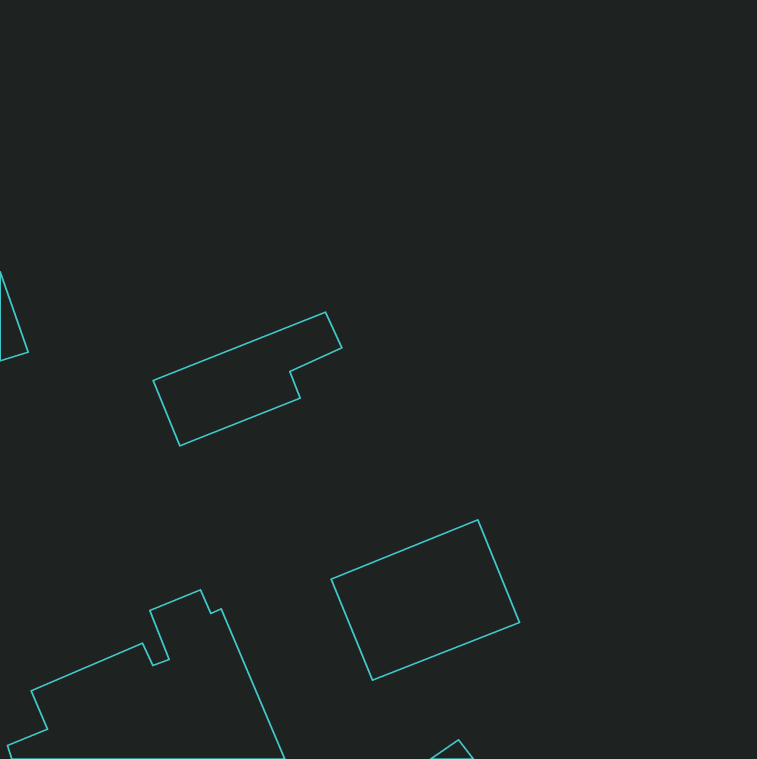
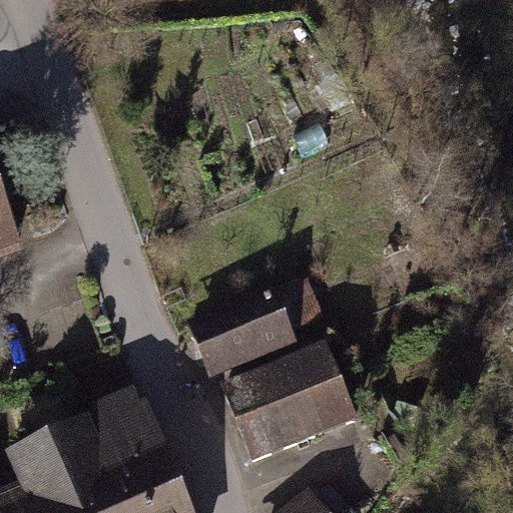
building: [153,312,342,446] -> [193,284,321,374]

